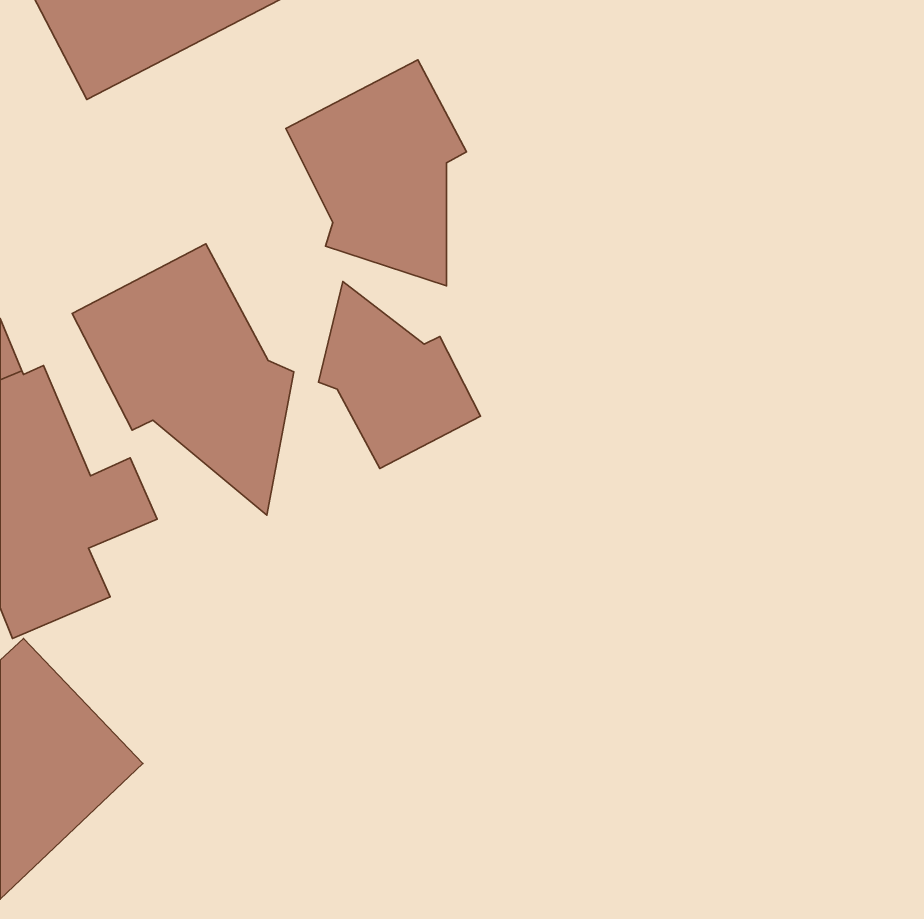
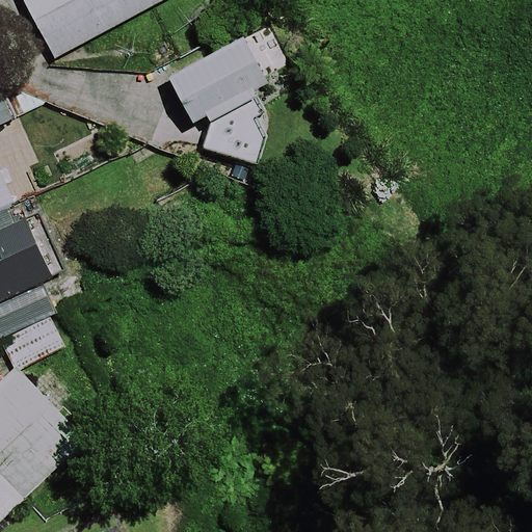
building: [72,244,294,515] -> none
building: [319,281,481,469] -> none

